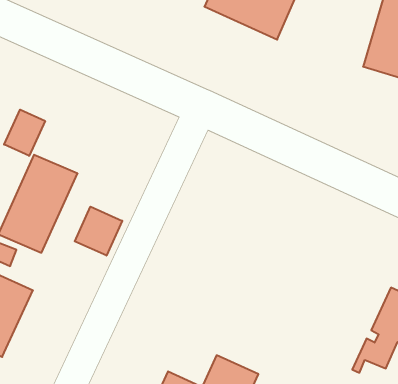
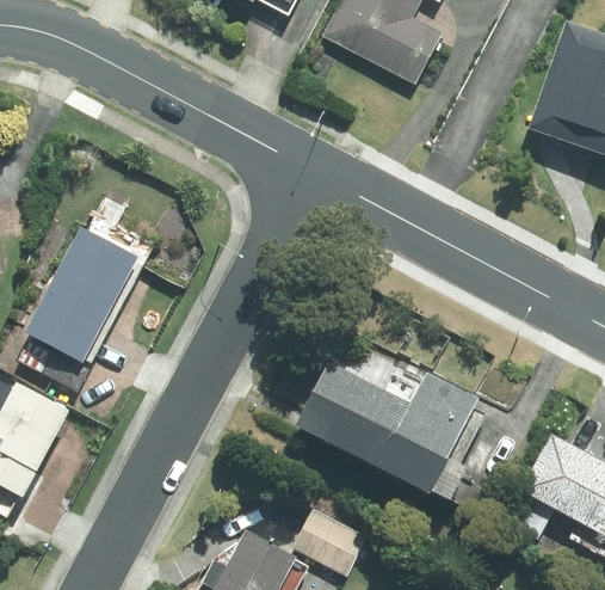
building: [4,110,45,156] -> none
building: [75,207,122,256] -> none
building: none -> [296,362,479,492]

